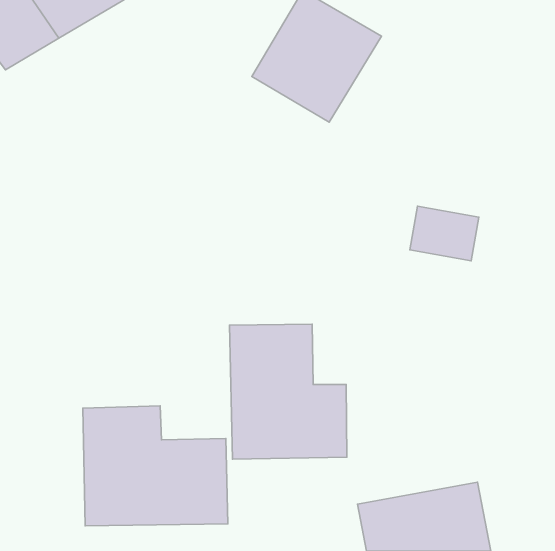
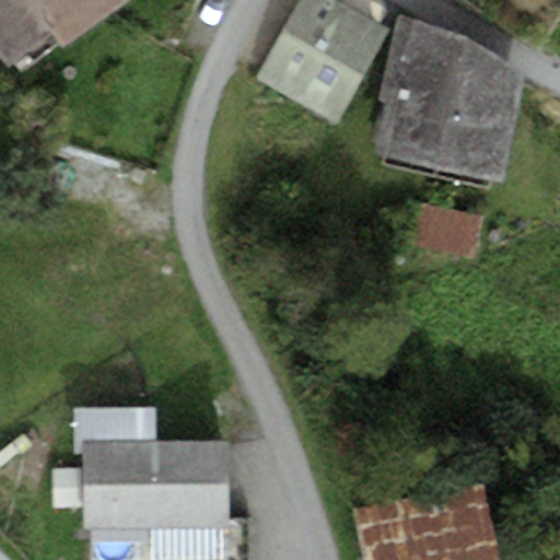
building: none -> [380,22,524,184]
building: [230,324,347,459] -> none

